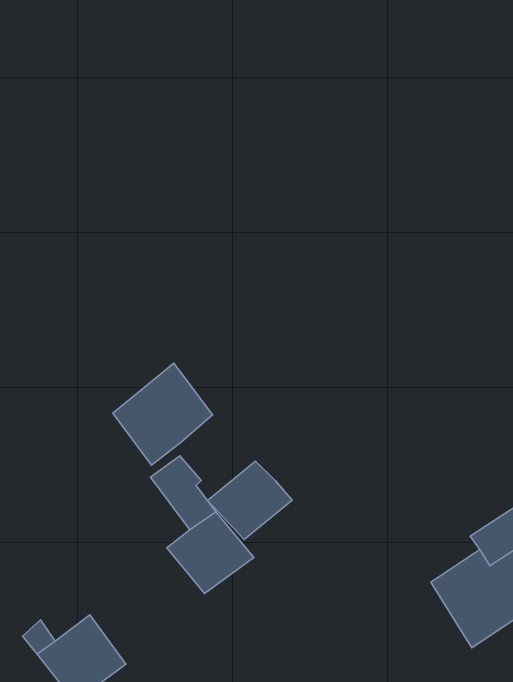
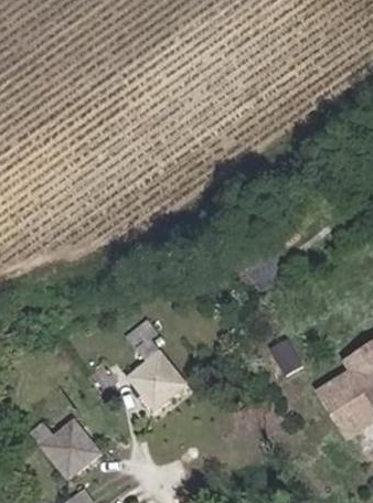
building: [113,363,212,465] -> none
building: [208,461,292,540] -> none

